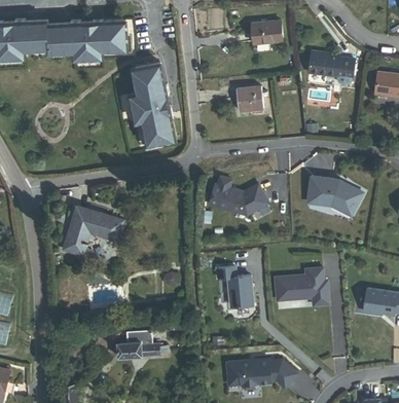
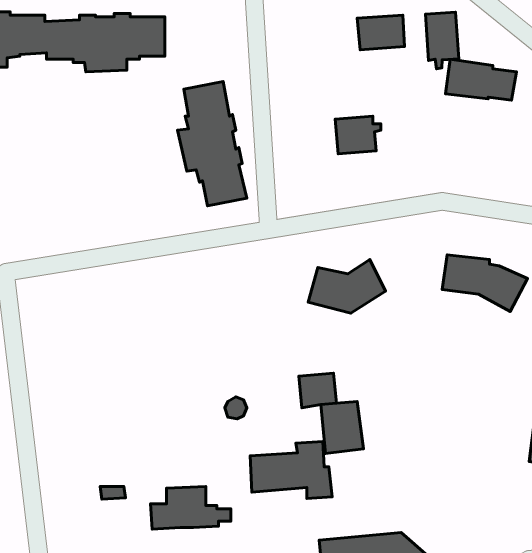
building: none -> [425,12,459,69]
building: [63,204,123,253] -> none
building: [275,268,328,305] -> [250,442,332,498]

